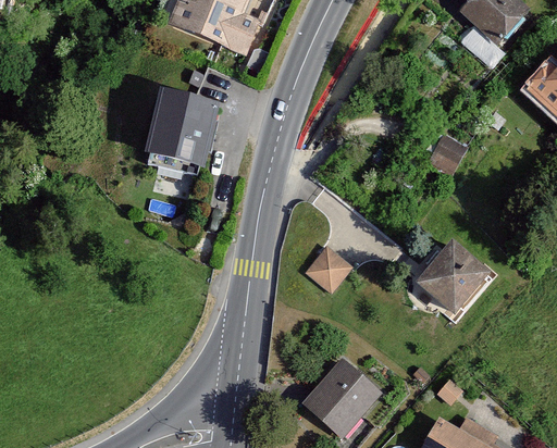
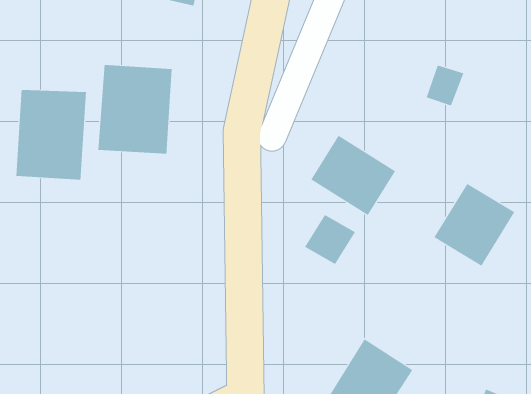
building: none -> [16,89,87,180]
building: none -> [311,135,396,216]

